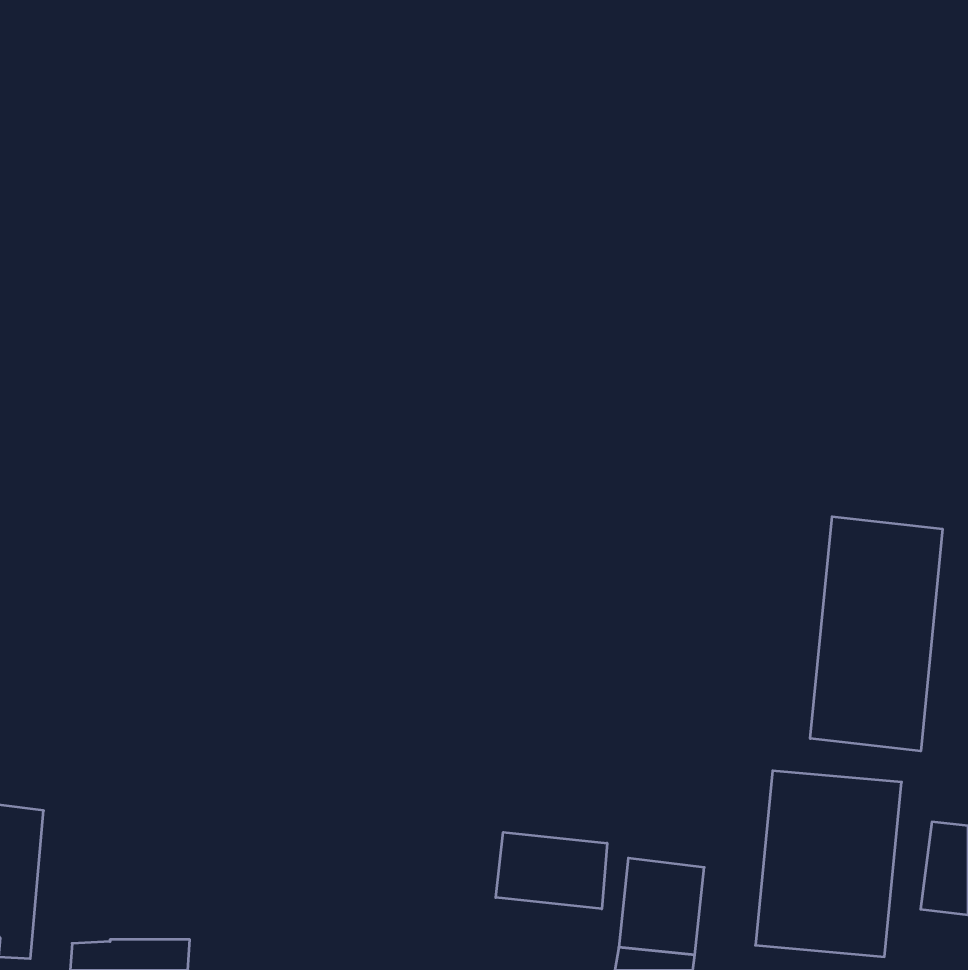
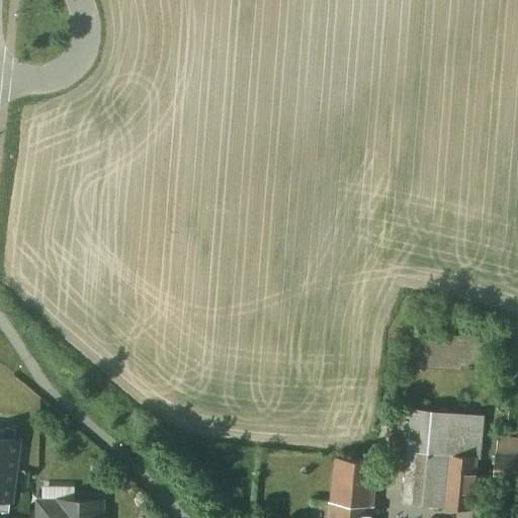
building: [810,517,942,751] -> none
building: [496,832,607,909] -> none

